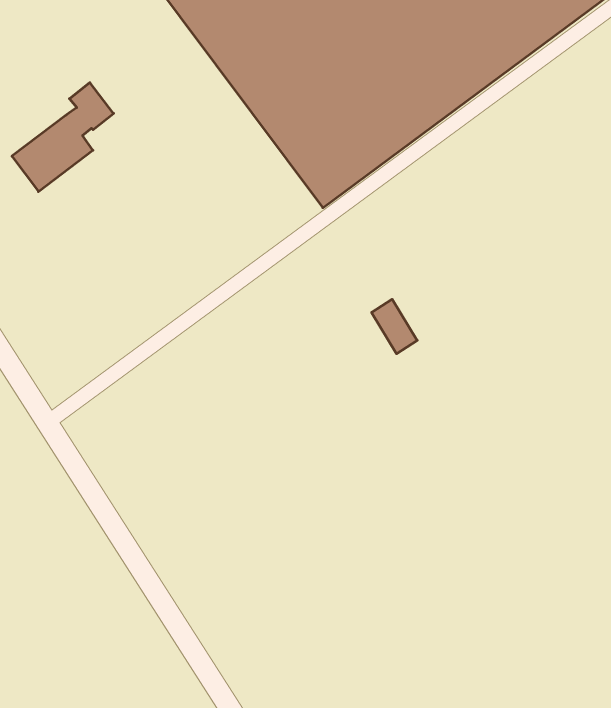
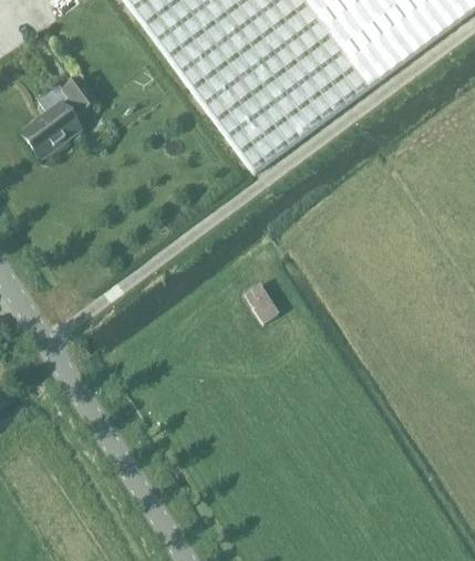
building: [372,299,417,354] -> [246,281,280,322]

